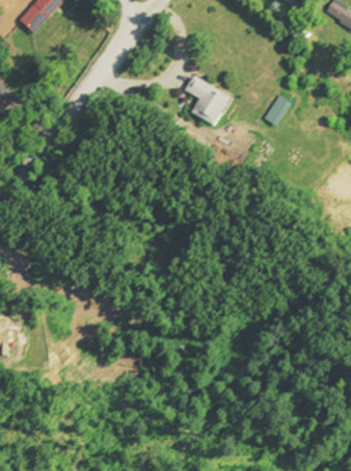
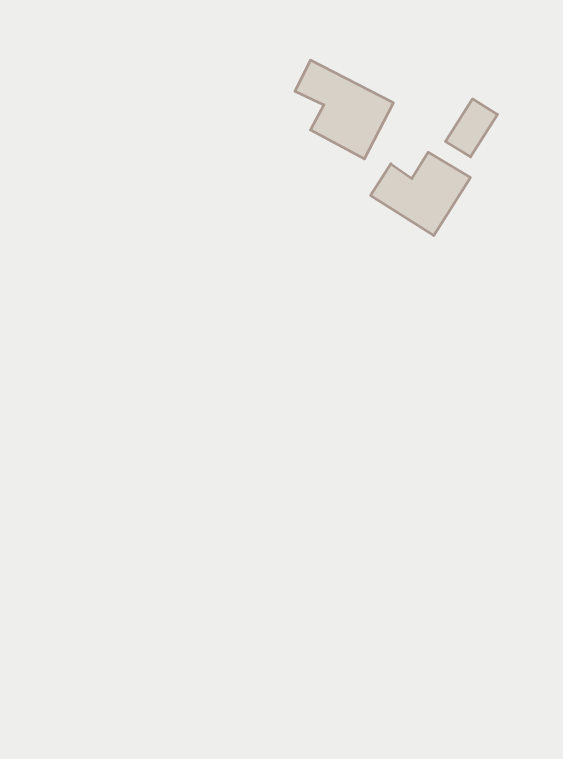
building: none -> [371,152,470,236]

